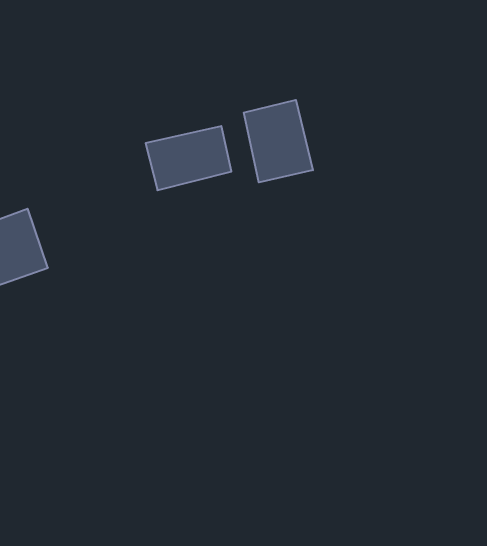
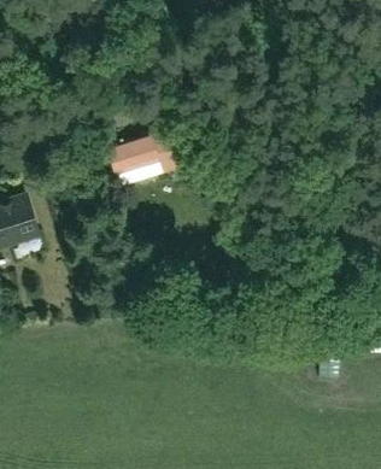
building: [244,100,313,182] -> none

